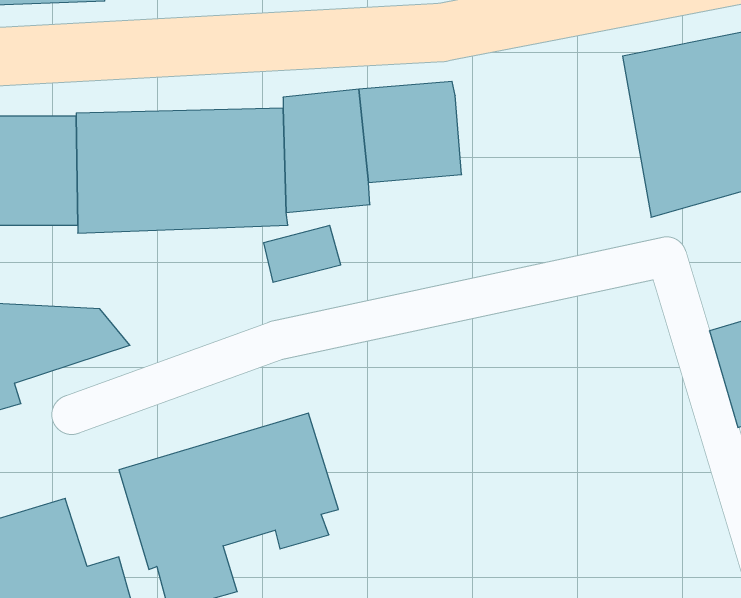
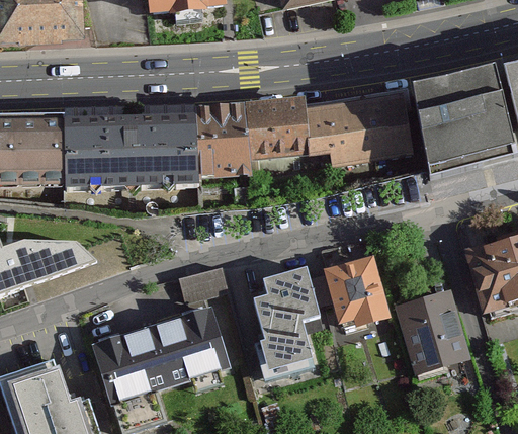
building: none -> [306,87,417,166]
building: [263,225,341,282] -> [178,265,228,301]
building: none -> [326,258,391,328]
building: none -> [252,265,317,381]
building: none -> [398,295,468,375]

